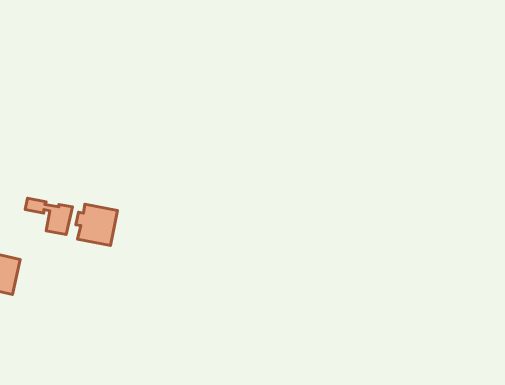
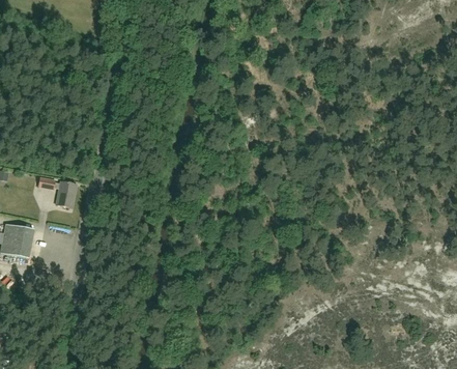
building: [76,204,118,246] -> none

